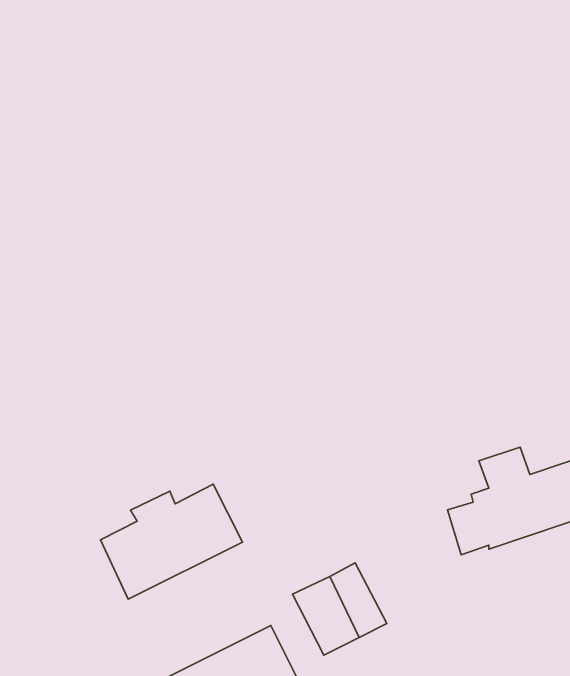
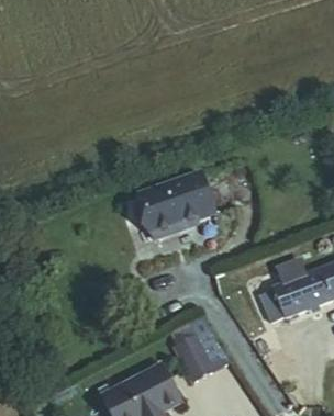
building: none -> [140,170,215,236]
building: [100,484,242,599] -> none

